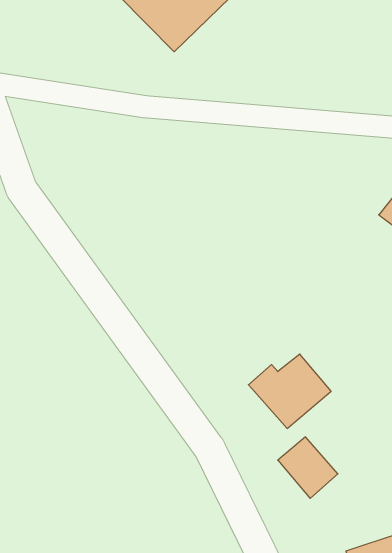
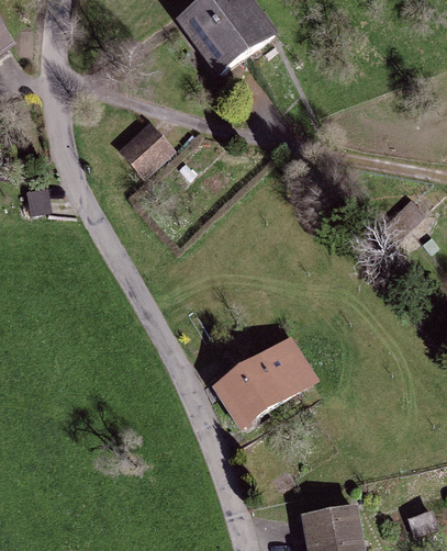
building: none -> [123,125,169,172]
building: [278,437,338,498] -> [221,370,270,423]

